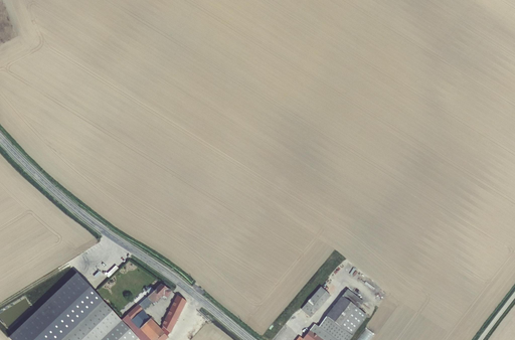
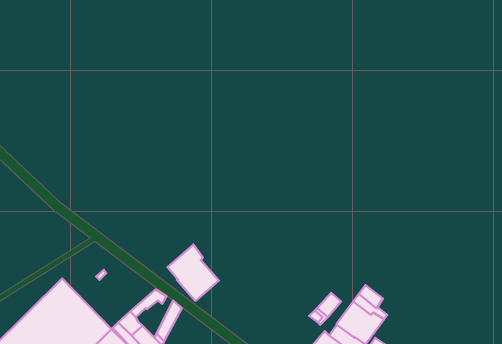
building: none -> [167,245,219,300]

